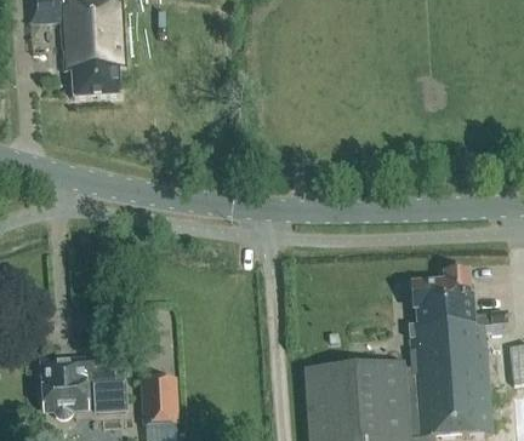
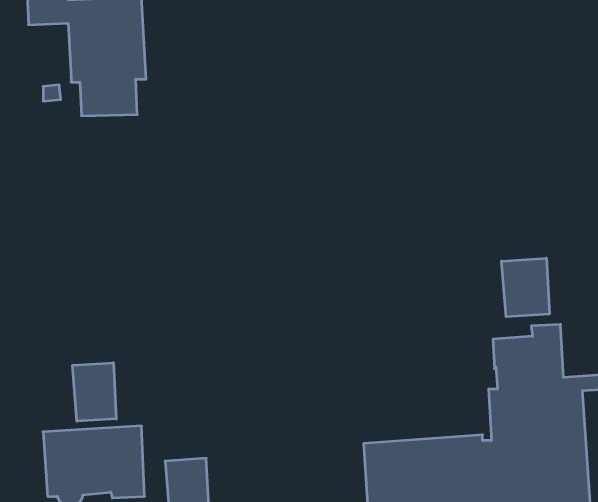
building: none -> [502,258,549,317]
building: none -> [73,363,116,421]

